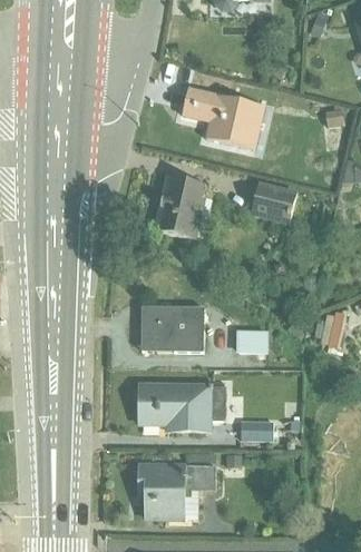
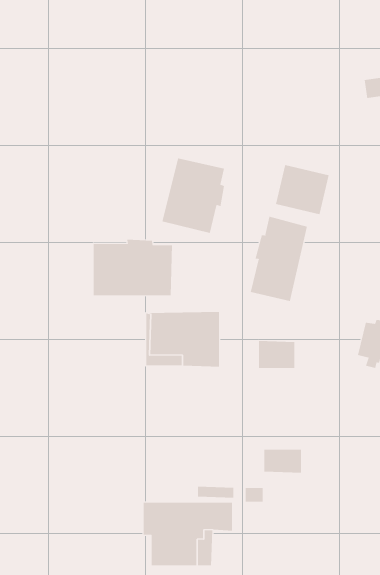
building: [182,87,265,148] -> none
building: none -> [250,216,308,302]
building: none -> [93,239,172,296]
building: [140,384,226,432] -> none

